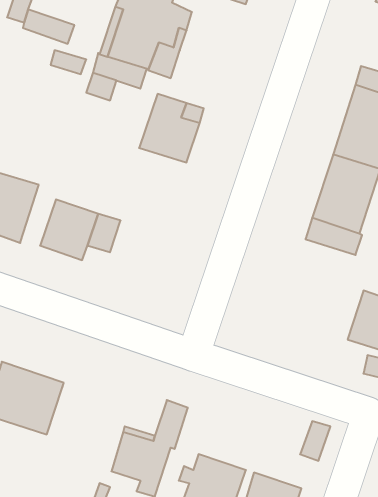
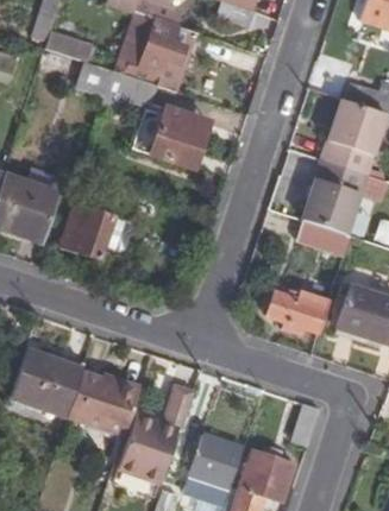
building: none -> [271,284,330,334]
building: none -> [65,371,136,434]

